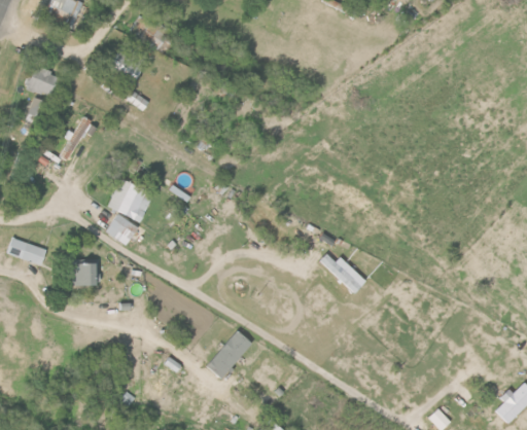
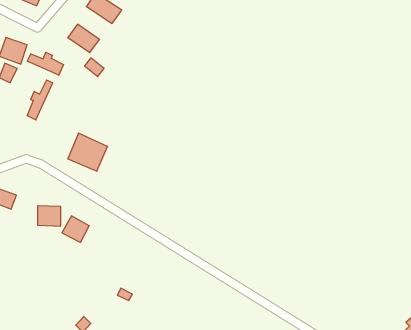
building: none -> [27,52,63,75]
building: [105,213,137,244] -> [62,216,89,242]
building: [320,254,366,295] -> none
building: [207,329,251,381] -> none

